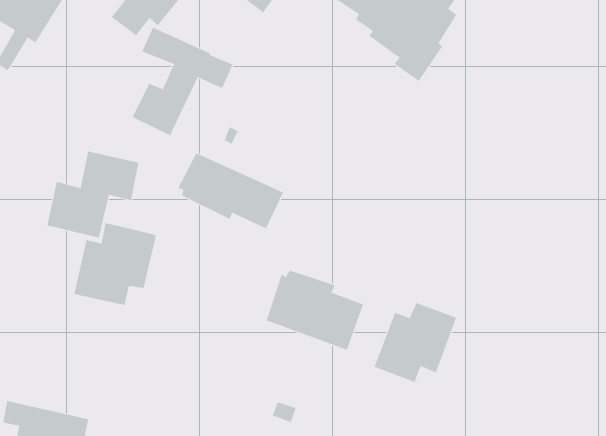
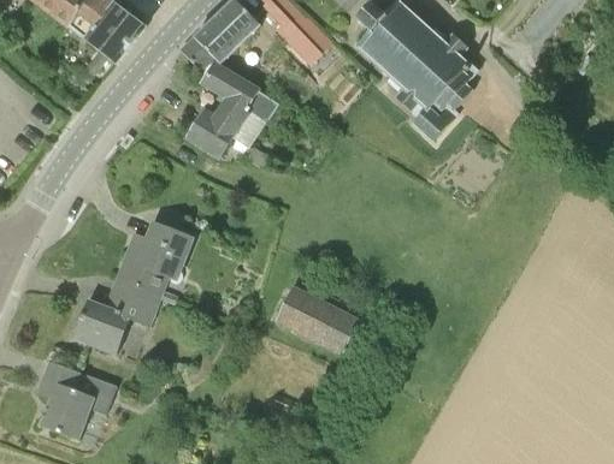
building: [46,151,139,238] -> [73,278,159,352]
building: [178,152,284,229] -> none
building: [374,302,456,383] -> none

